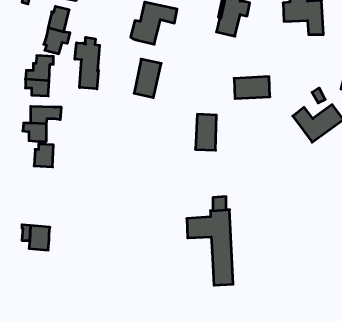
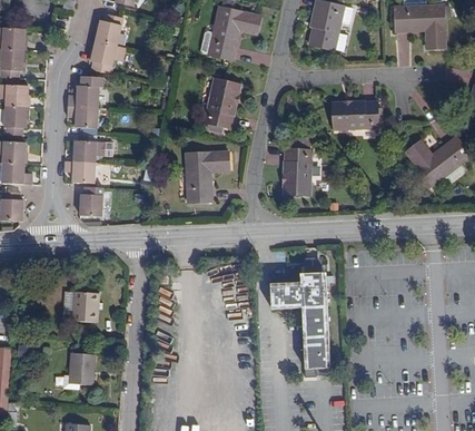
building: [75,37,100,89] -> none
building: none -> [186,151,229,203]
building: none -> [65,352,95,388]

